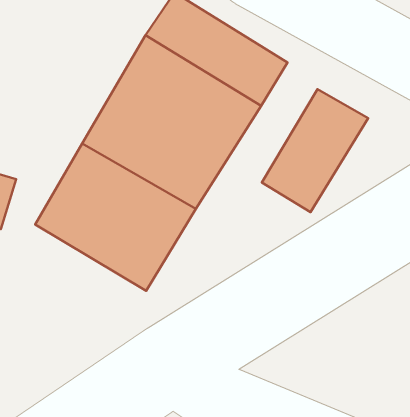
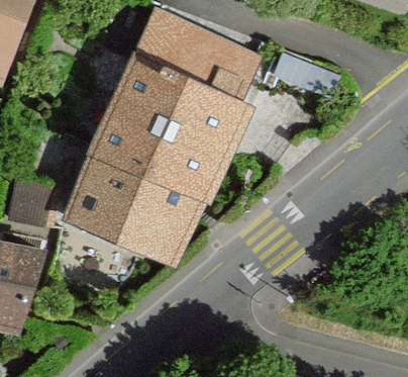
building: [262,89,368,212] -> none

